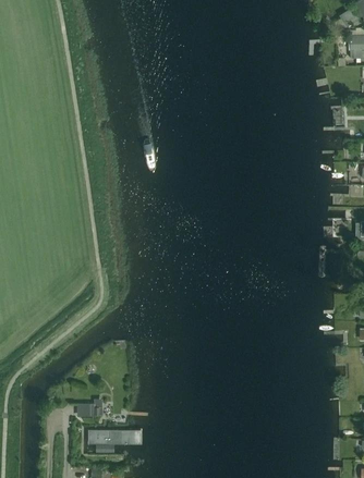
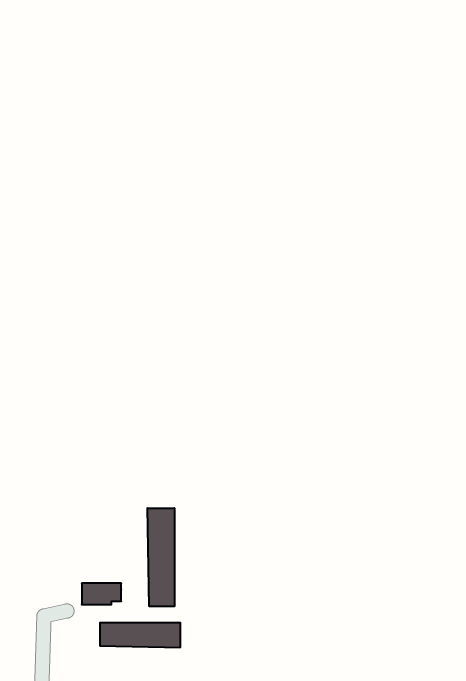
building: none -> [147,508,174,606]

